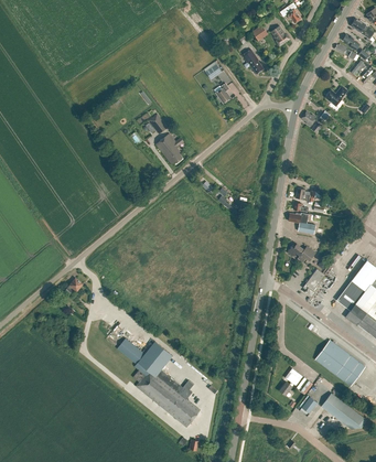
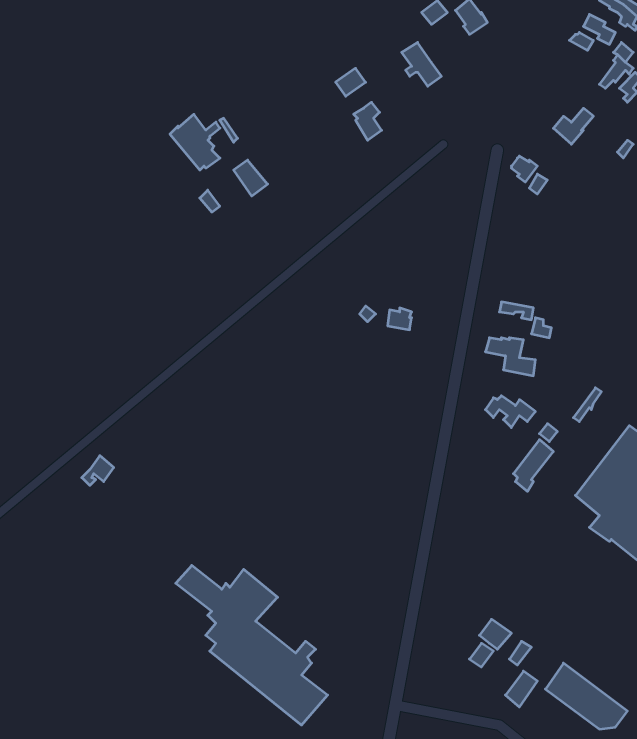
building: [155,133,183,164] -> [170,114,220,170]
building: [315,341,365,386] -> none

